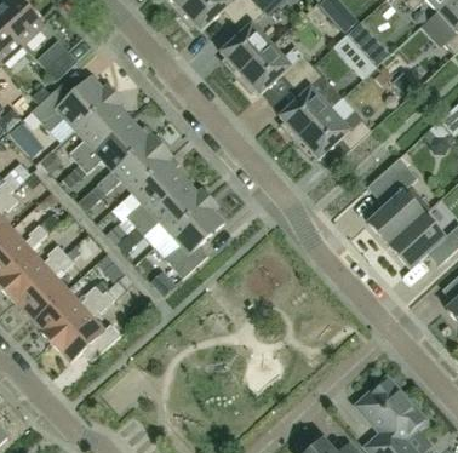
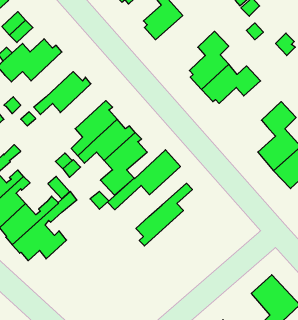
building: [236,44,313,93] -> none
building: [69,91,130,162] -> none
building: [78,132,172,210] -> [107,150,180,210]
building: none -> [136,183,192,246]

